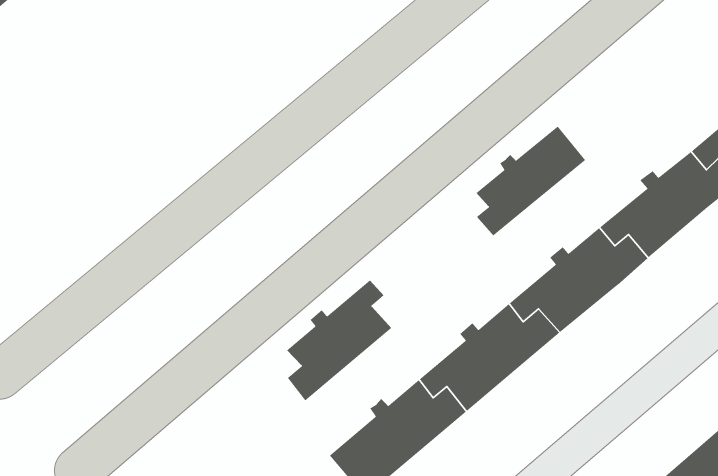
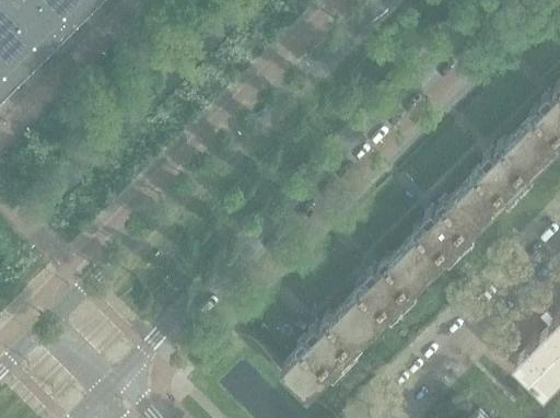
building: [476,125,586,236] -> none
building: [286,279,392,401] -> none

